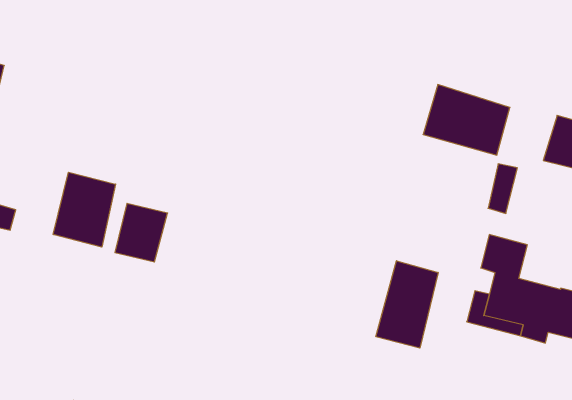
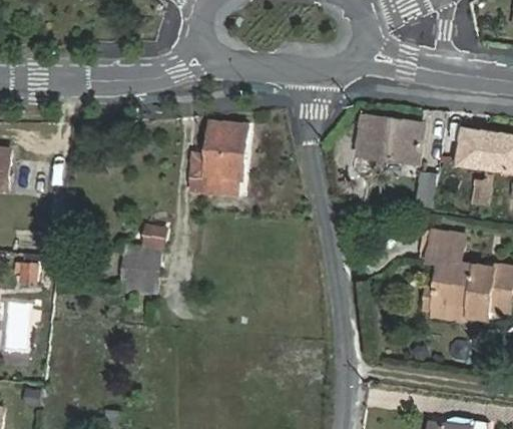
building: none -> [192,121,247,193]
building: [53,172,116,247] -> none
building: [376,261,438,348] -> none

